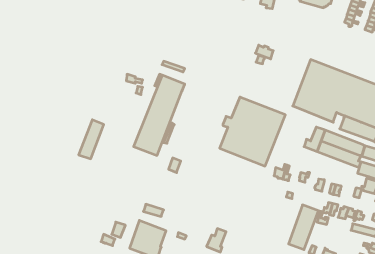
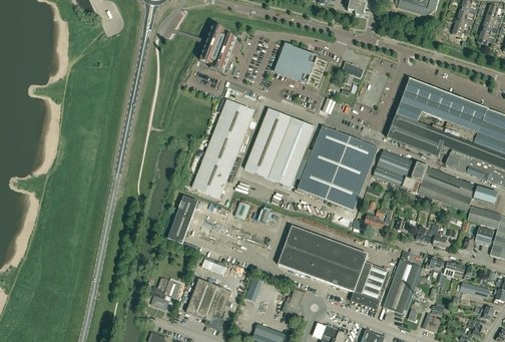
building: none -> [200,25,236,72]
building: none -> [275,43,318,83]
building: none -> [244,107,316,187]
building: none -> [373,149,417,187]
building: [79,120,104,159] -> [167,195,198,243]
building: none -> [278,226,392,310]

